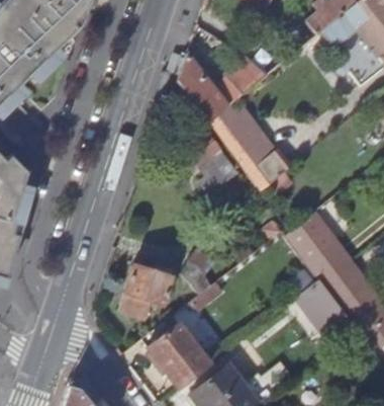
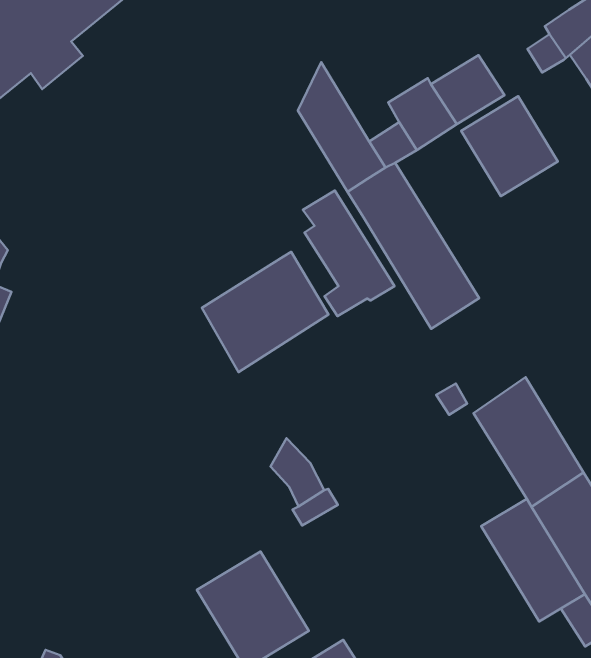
building: none -> [461,96,558,196]
building: none -> [202,252,328,372]
building: [119,265,171,319] -> none

